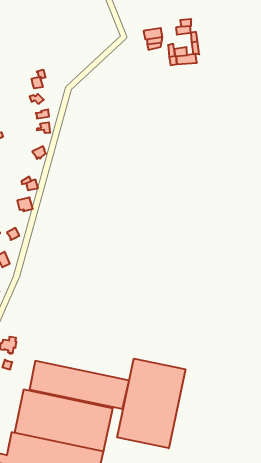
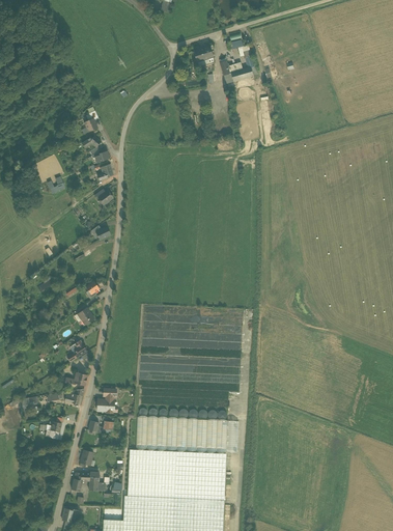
building: [117,359,185,448] -> none

